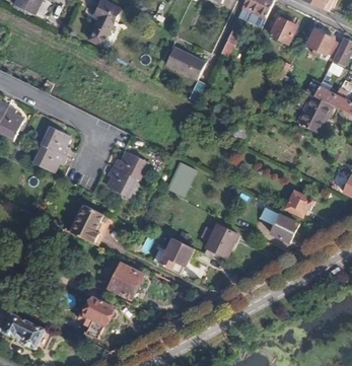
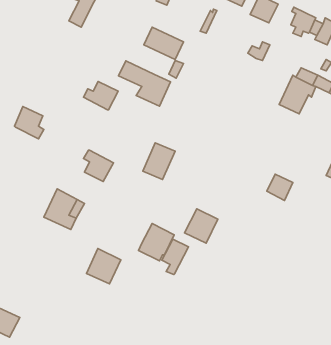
building: none -> [119,61,171,106]
building: [31,145,65,172] -> none
building: [113,152,146,179] -> [84,82,118,110]
building: [271,214,298,242] -> none
building: none -> [162,239,189,274]
building: [80,296,113,340] -> none

